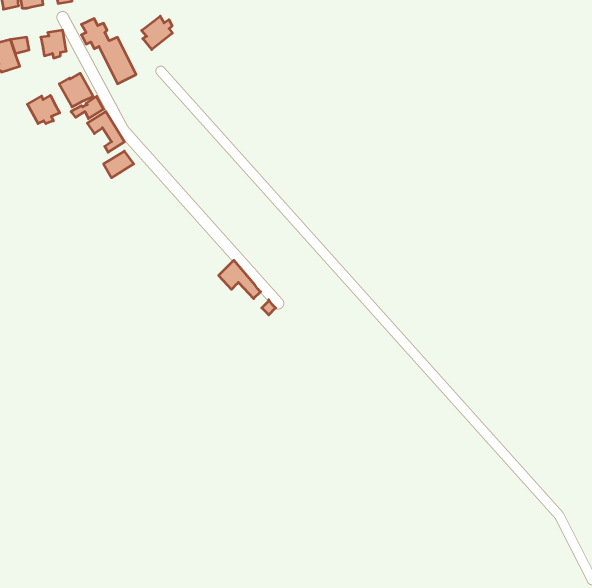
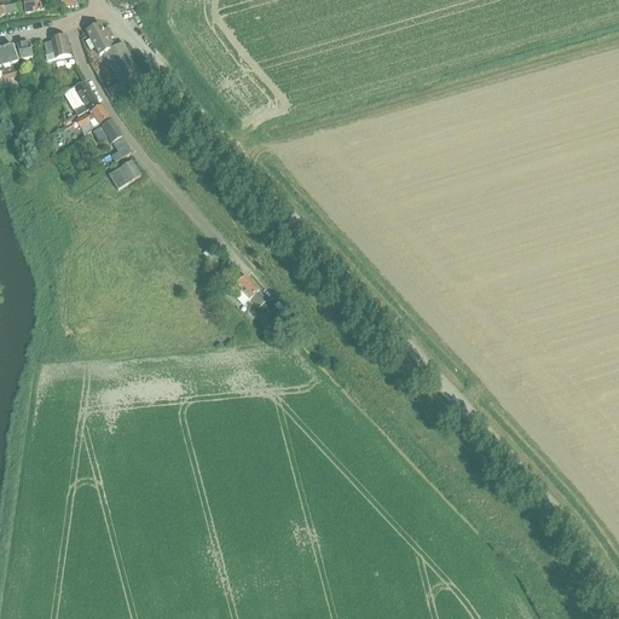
building: [142,16,172,50] -> none
building: [27,95,60,124] -> none

